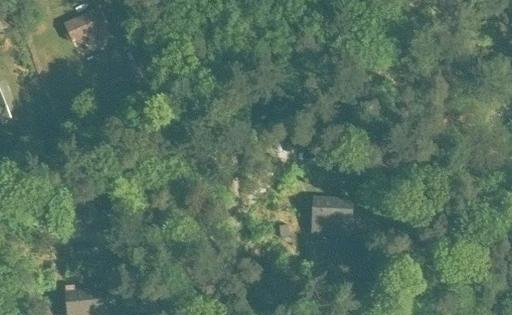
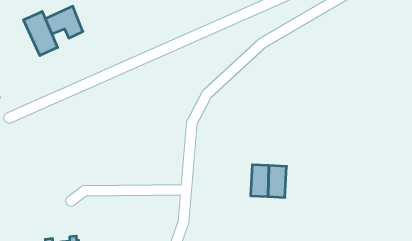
building: none -> [23,11,58,56]

